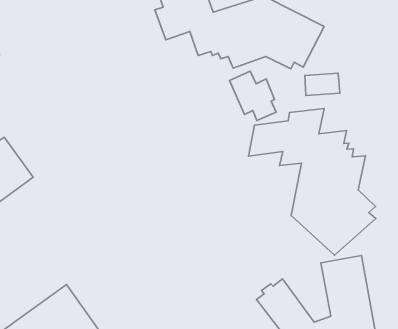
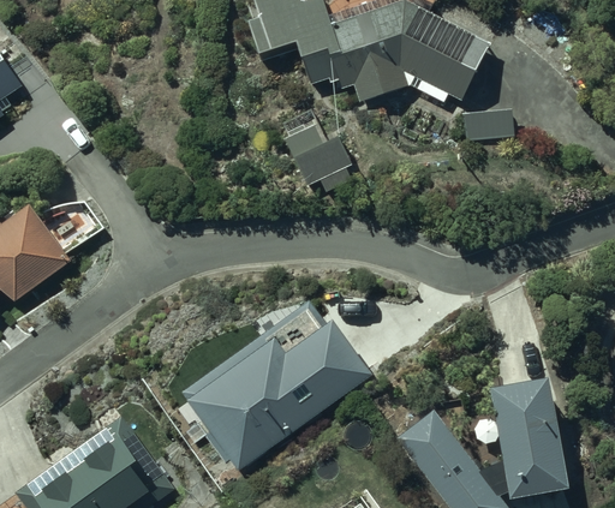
building: [229,71,276,120] -> [286,124,353,195]
building: [248,109,376,255] -> none
building: none -> [180,300,375,471]

